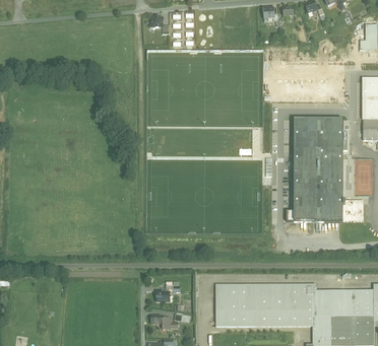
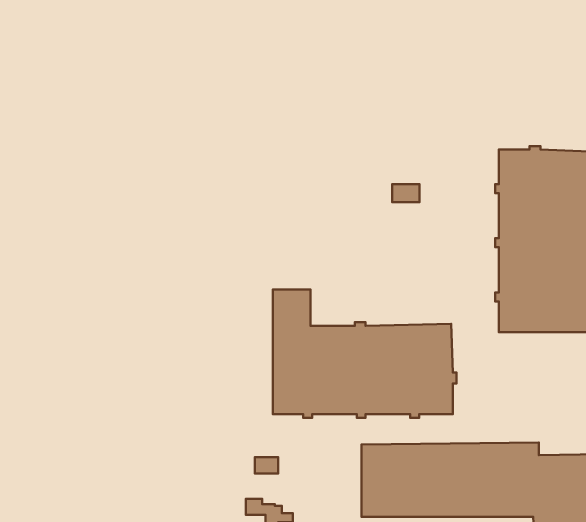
building: none -> [273,290,456,418]

